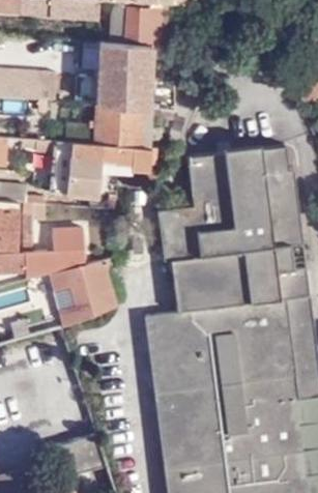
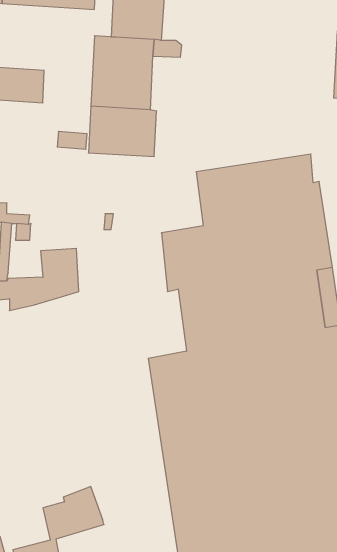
building: [32,141,156,195] -> none
building: [47,258,116,329] -> none

